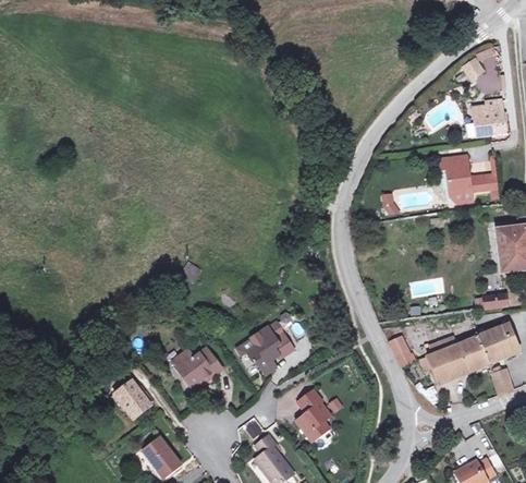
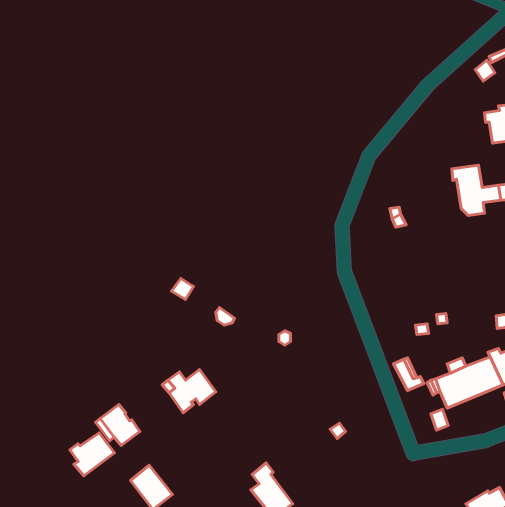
building: [235,327,293,373] -> none
building: [295,388,331,440] -> none
building: none -> [70,433,114,476]

